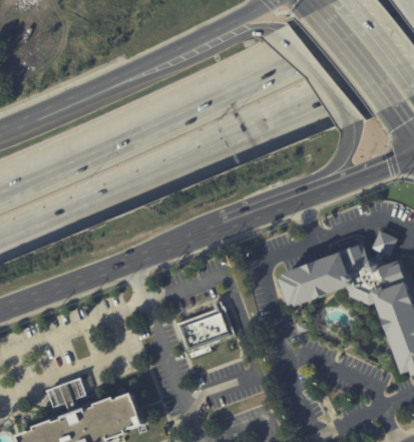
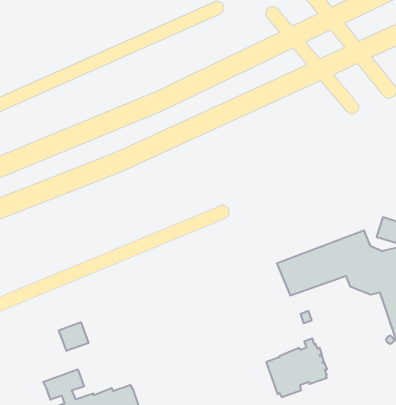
building: [176,301,236,358] -> [266,339,327,397]
building: none -> [59,322,88,351]

